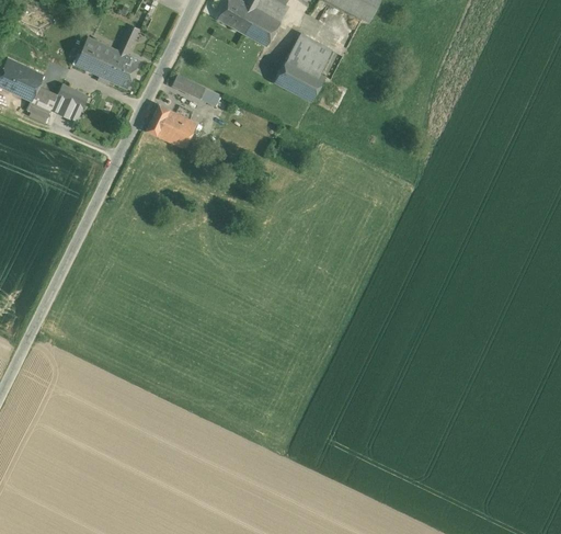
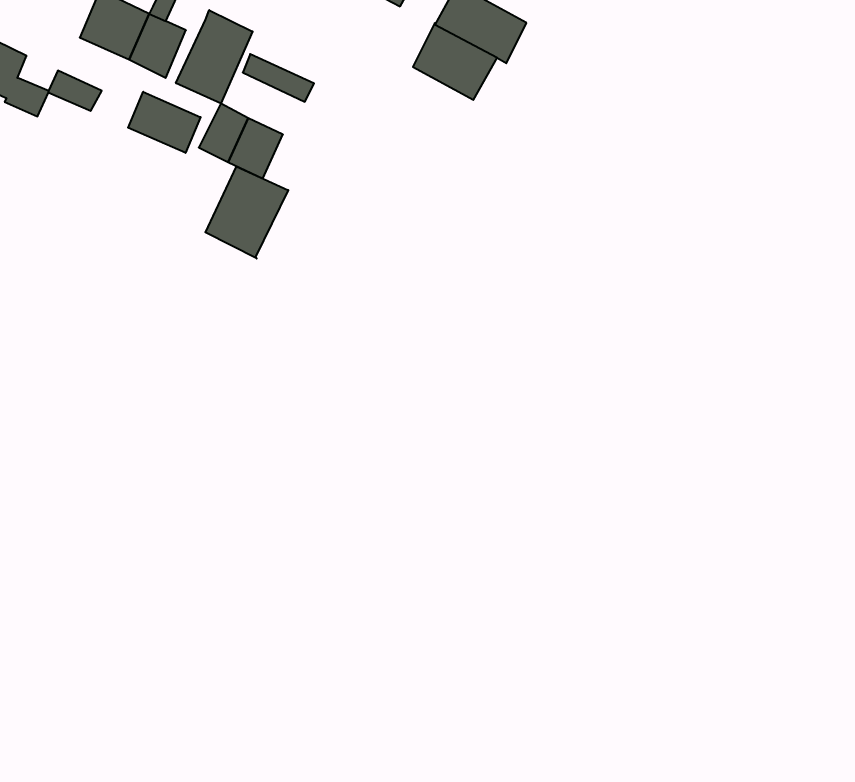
building: none -> [176,10,253,104]
building: none -> [128,92,201,153]
building: none -> [205,167,288,259]

